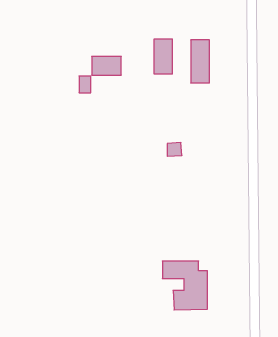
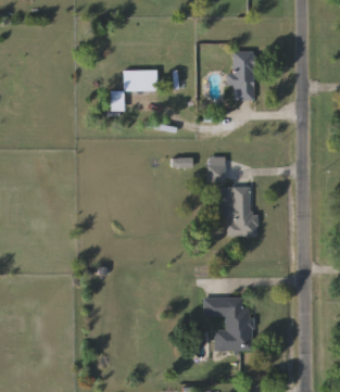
building: [154,39,172,74] -> none
building: none -> [221,187,257,237]

